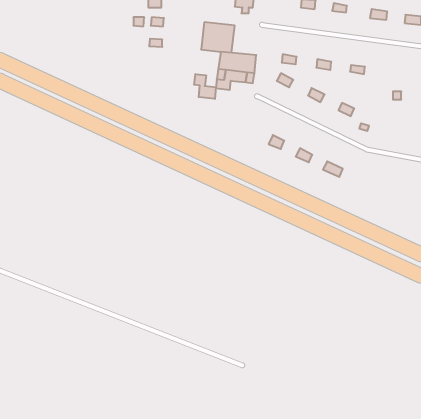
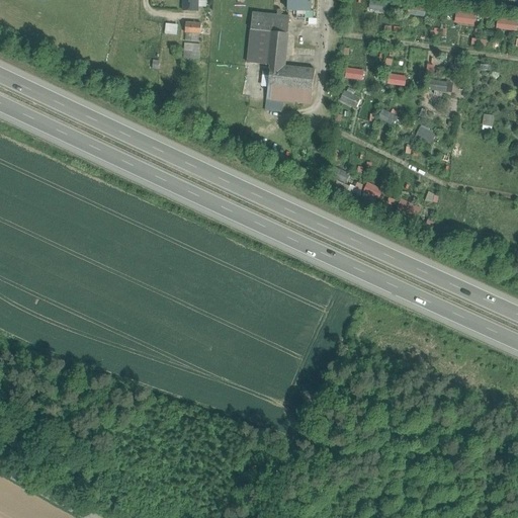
building: none -> [251,11,289,31]
building: [194,74,216,99] -> none

